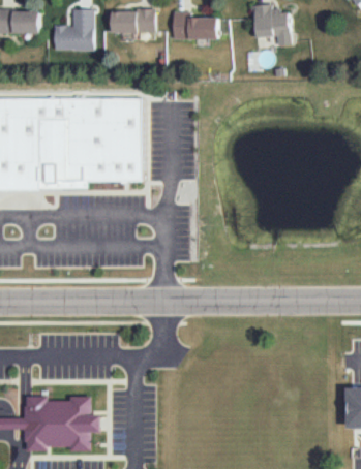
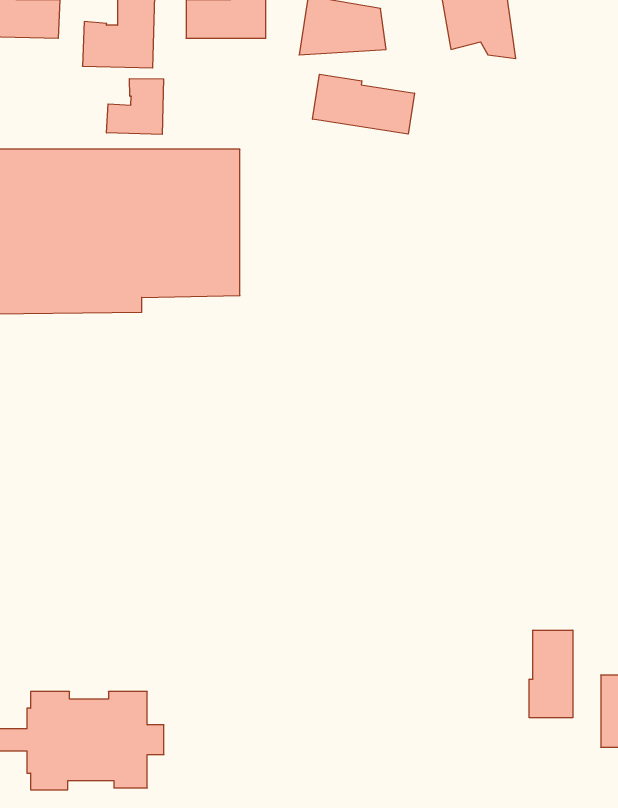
building: none -> [313,74,414,134]
building: none -> [107,79,164,134]
building: none -> [529,630,573,718]

